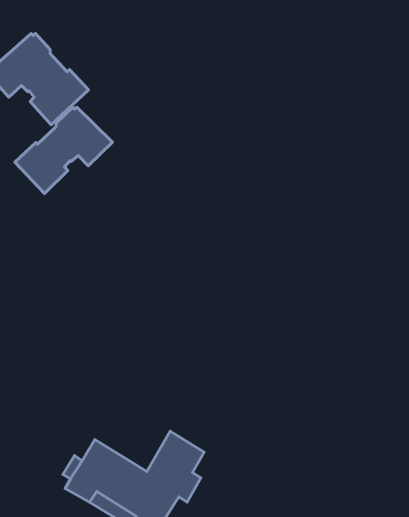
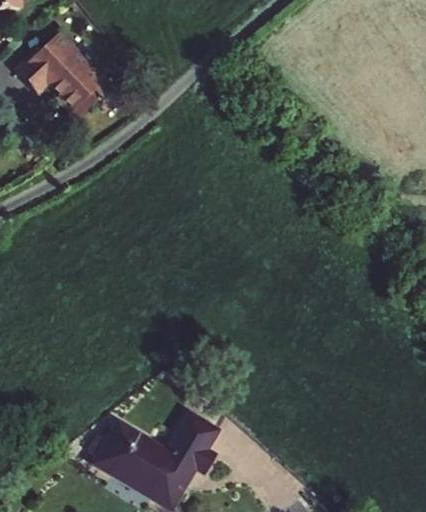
building: [15,107,113,193] -> none

